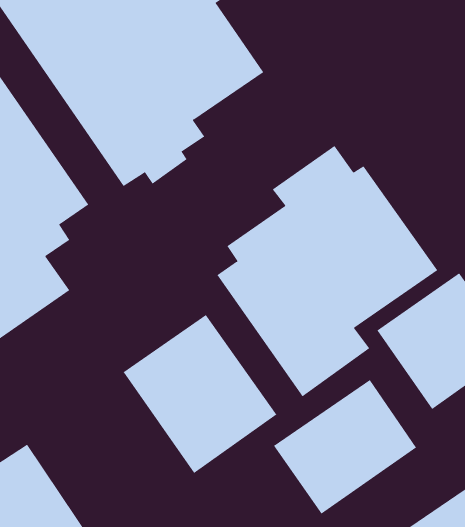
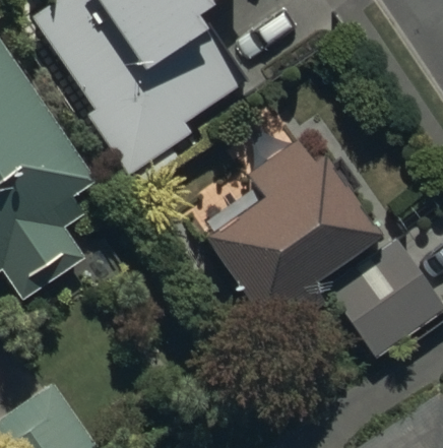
building: [123,314,277,474] -> none
building: [273,379,417,515] -> none

